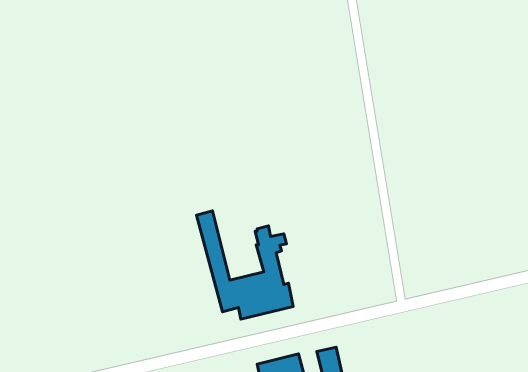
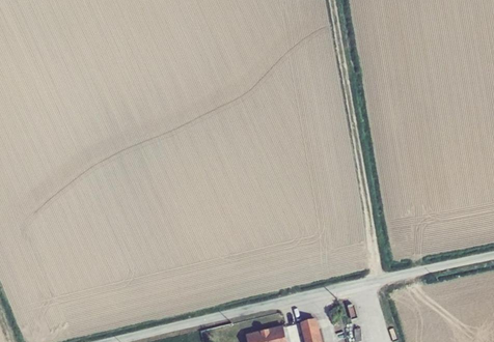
building: [196,211,293,319] -> none

